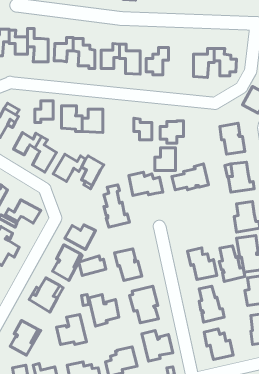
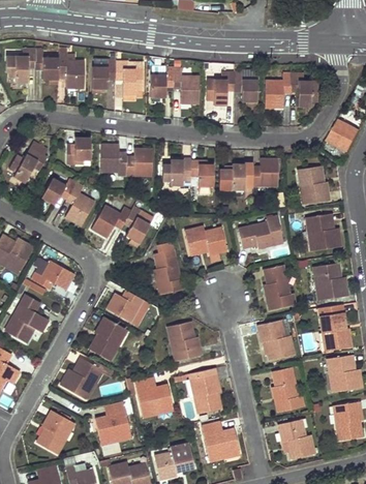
building: none -> [234,71,257,101]
building: none -> [162,157,190,185]
building: [155,148,175,170] -> [252,158,278,186]
building: [219,246,245,282] -> [263,266,295,310]
building: [79,256,106,276] -> none

